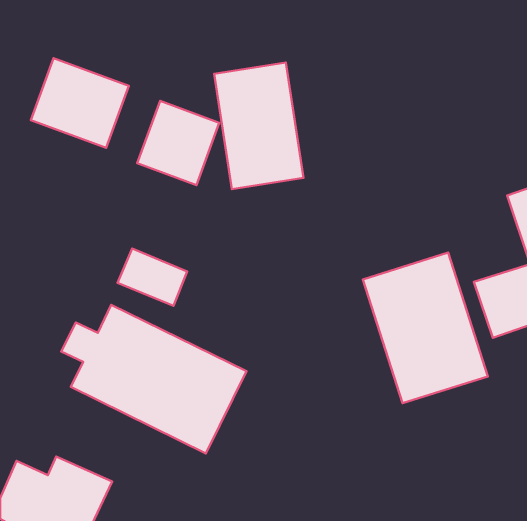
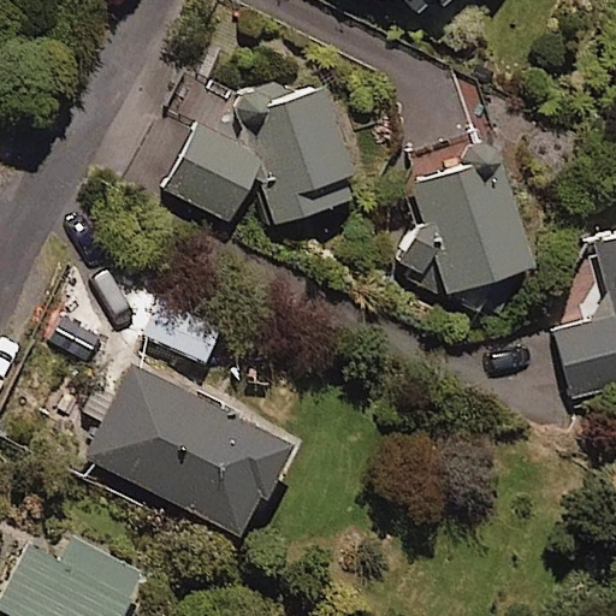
building: [31,58,129,148] -> none
building: none -> [403,140,533,296]
building: [363,253,488,403] -> none

